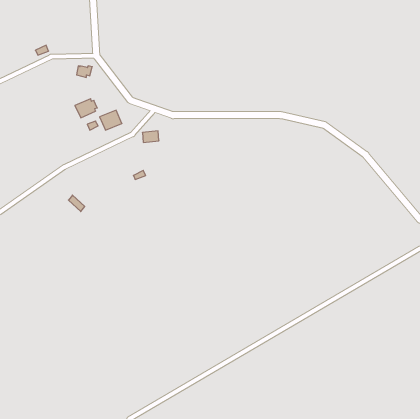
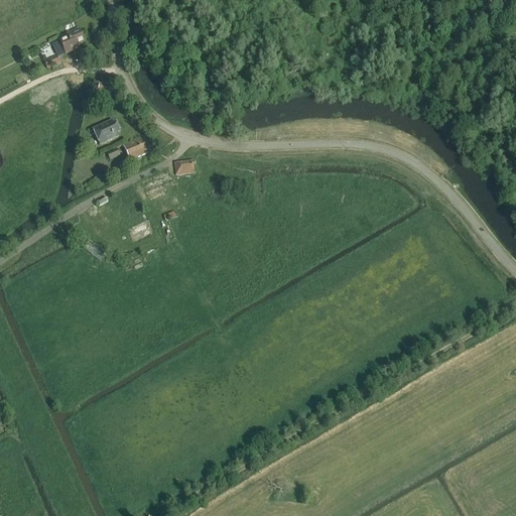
building: none -> [53,28,84,54]

